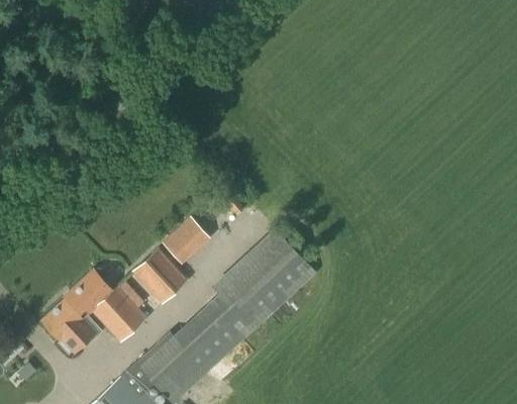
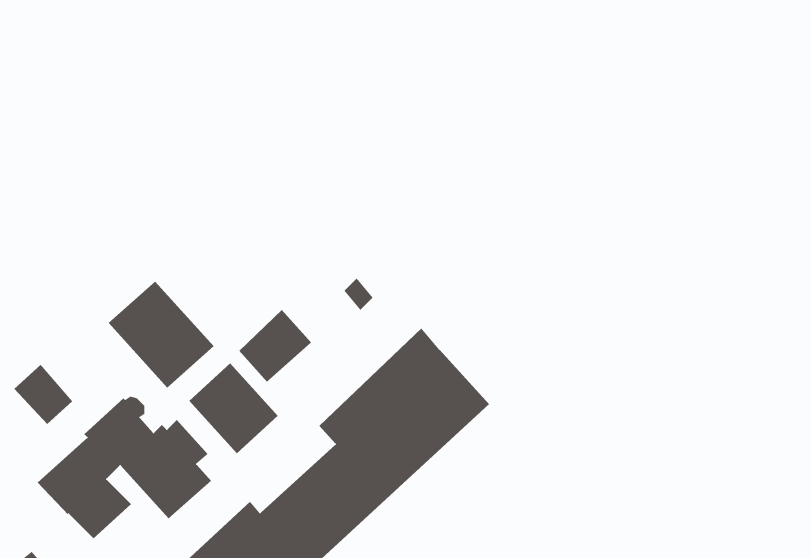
building: none -> [108,281,214,388]
building: none -> [14,364,73,425]

